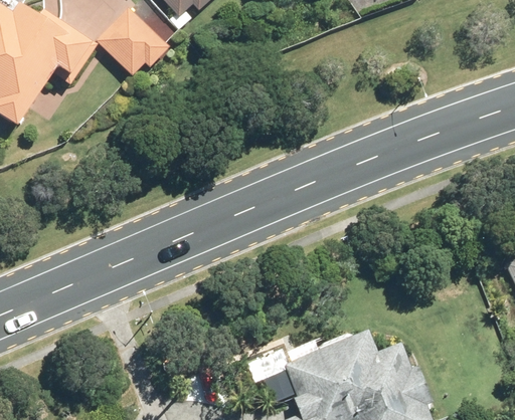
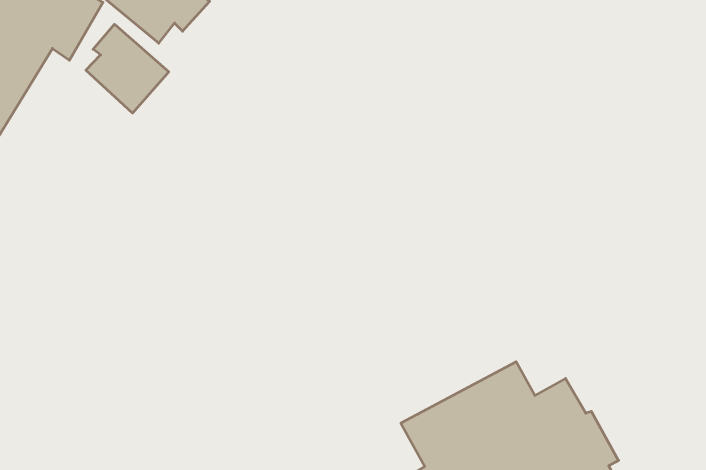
building: none -> [86,24,169,113]

